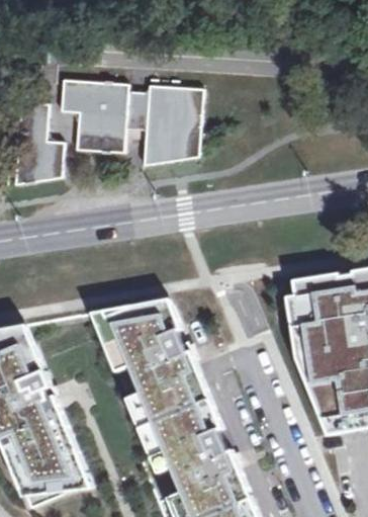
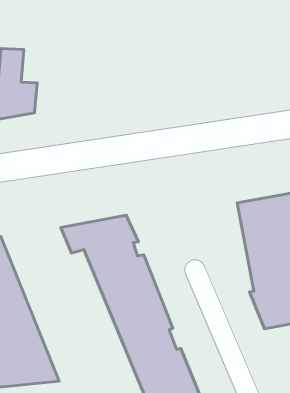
building: [59,82,200,166] -> none

